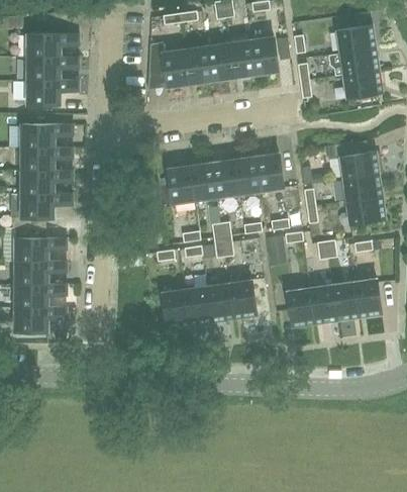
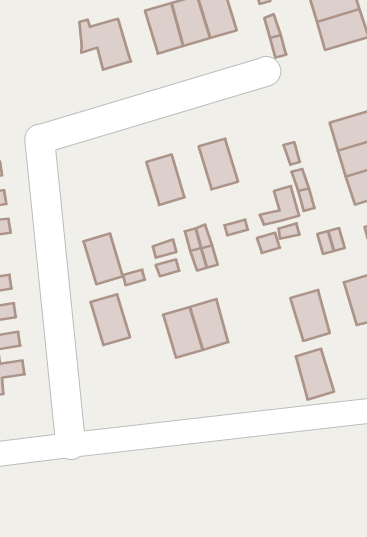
building: [183,45,210,84] -> none
building: [253,153,282,192] -> none
building: [209,160,236,198] -> none
building: [166,166,193,204] -> [83,234,123,284]
building: [227,280,255,318] -> none
building: [309,285,335,323] -> [296,349,334,399]
building: [161,289,188,327] -> [90,294,130,345]

